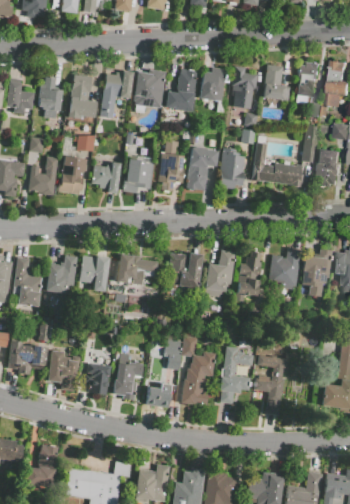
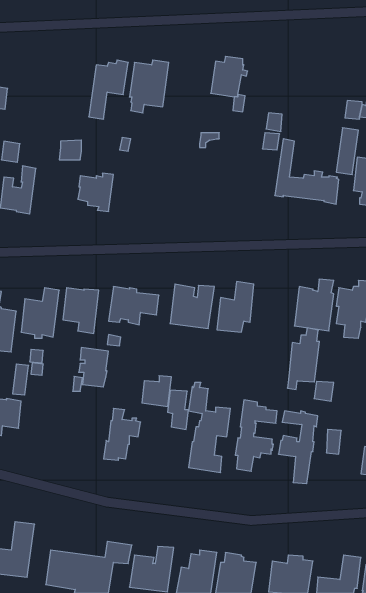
building: [295,62,321,104] -> none
building: [263,64,290,100] -> none
building: [231,66,257,109] -> none
building: [164,69,197,112] -> none
building: [68,75,96,119] -> none
building: [37,76,61,118] -> none
building: [157,140,183,193] -> none
building: [186,146,218,190] -> none
building: [217,148,245,189] -> none
building: [57,156,85,194] -> none
building: [123,159,152,193] -> none
building: [235,251,261,301] -> [287,328,319,389]
building: [47,350,75,383] -> none
building: [85,363,109,395] -> [79,348,108,387]
building: [146,383,170,408] -> [142,376,171,407]

